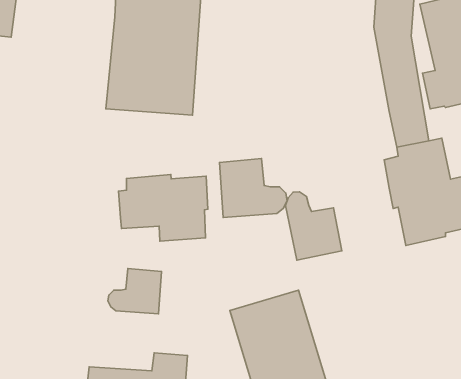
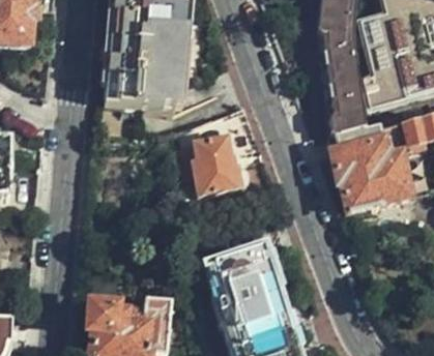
building: [119,174,208,241] -> none
building: [286,192,342,260] -> none
building: [108,268,161,314] -> none

